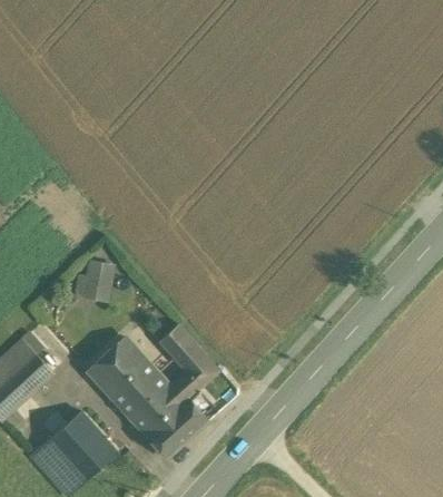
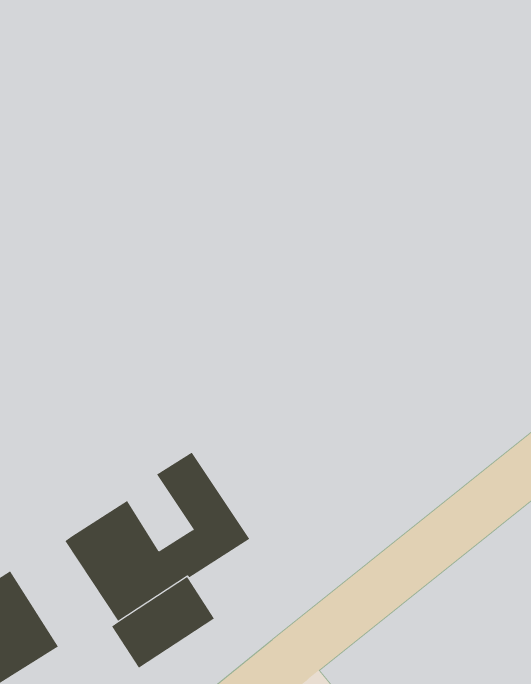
building: [77,259,110,299] -> none
building: [89,330,142,384] -> none

